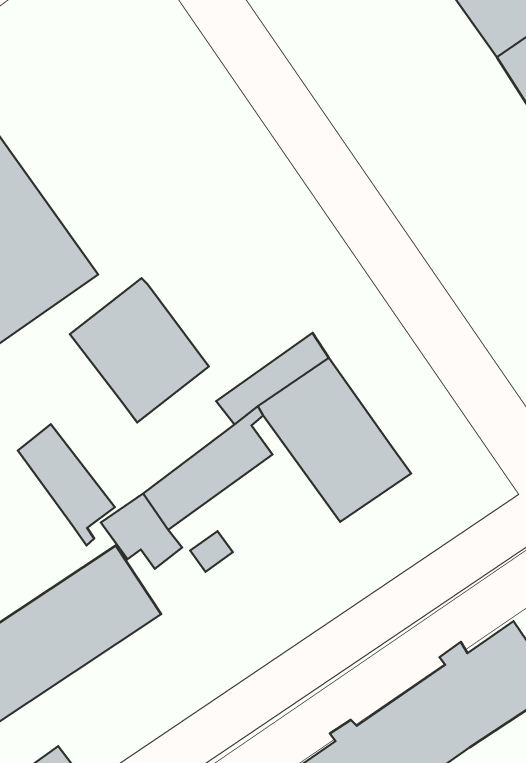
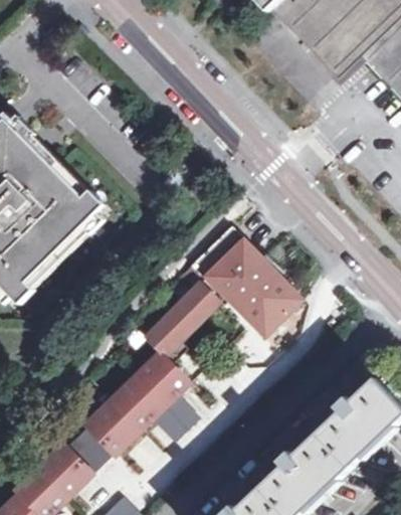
building: [70,278,209,423] -> none
building: [18,424,115,545] -> none

